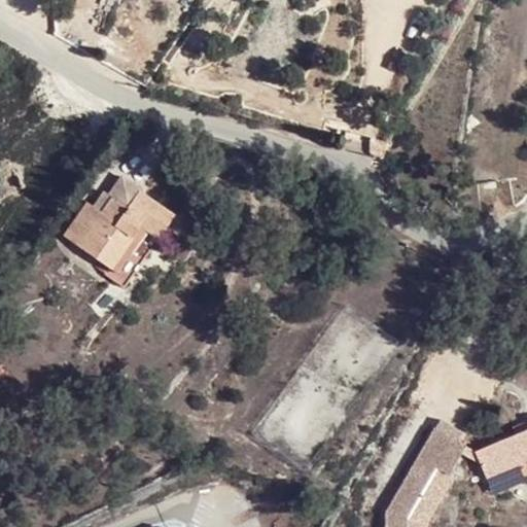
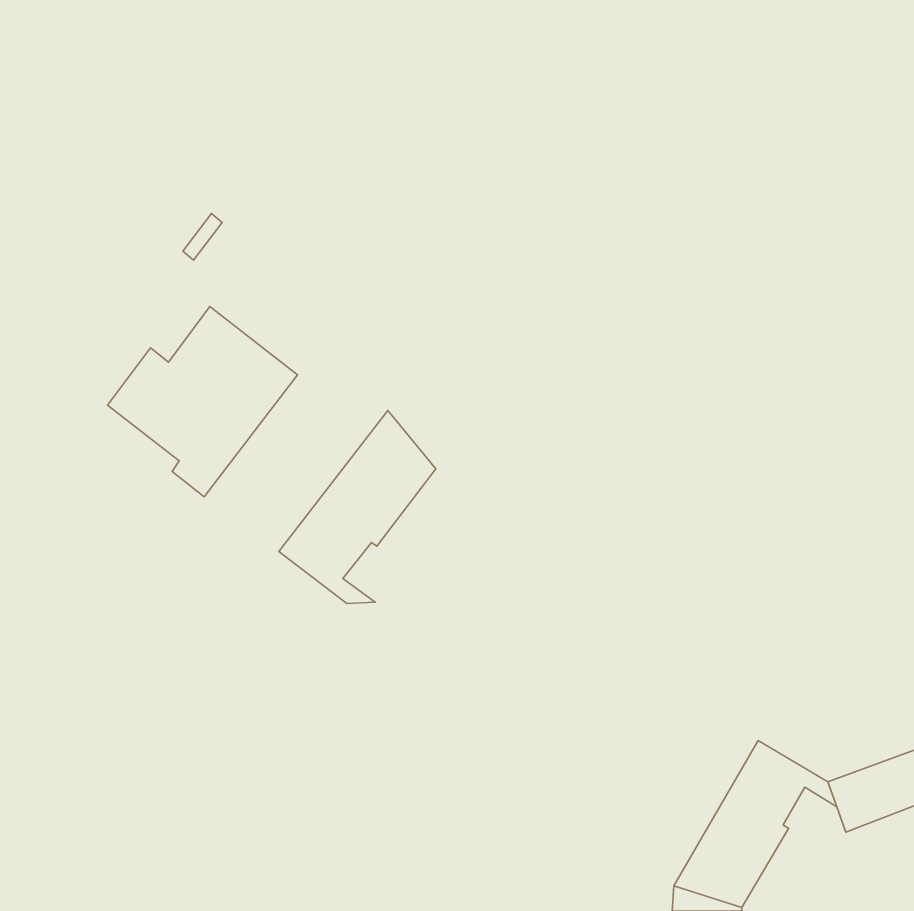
building: none -> [279,411,436,604]

